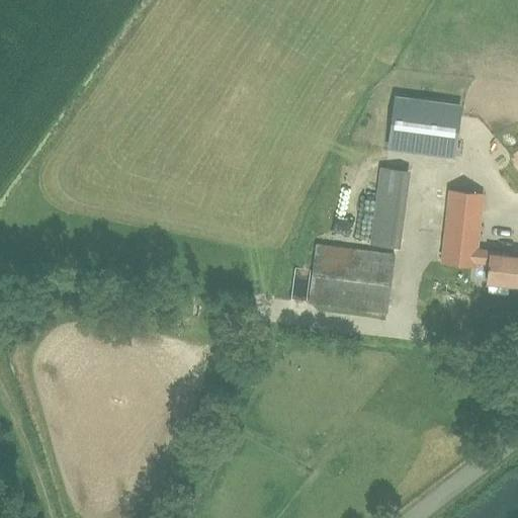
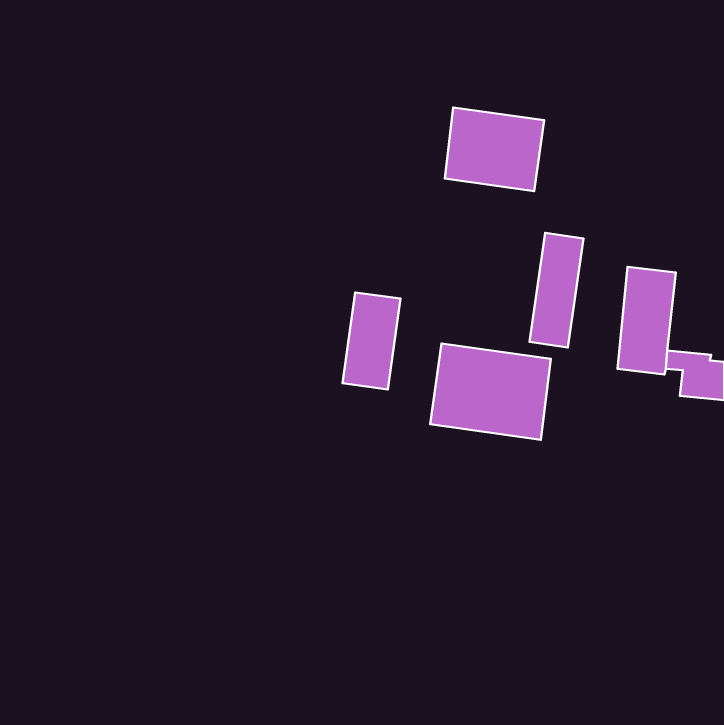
building: [387,98,458,158] -> [445,107,544,191]
building: none -> [342,292,401,390]

